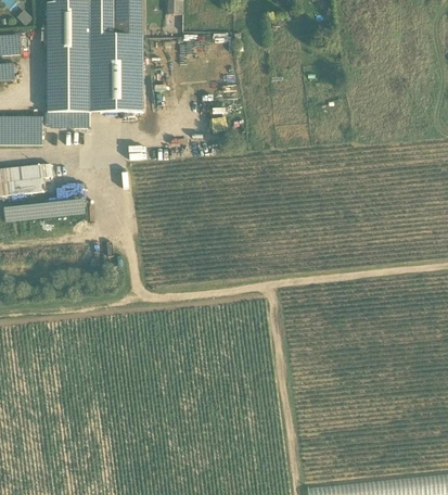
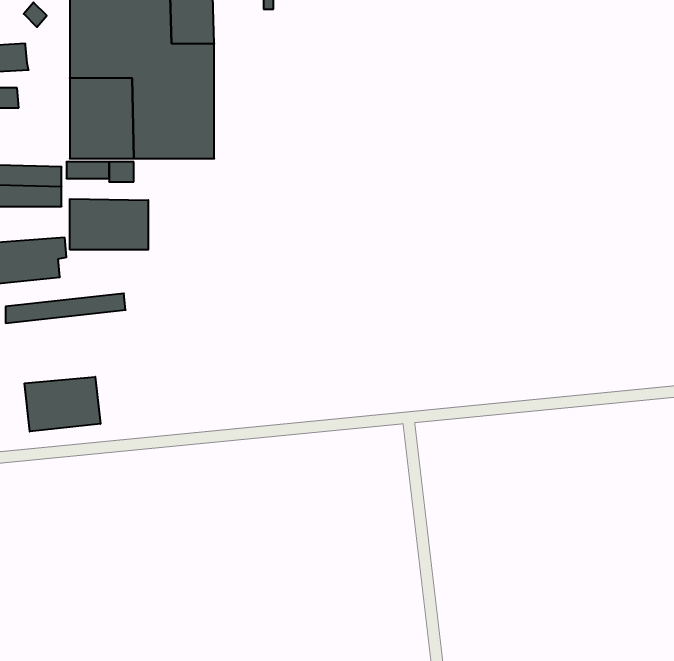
building: none -> [70,199,148,250]
building: none -> [25,377,100,432]

